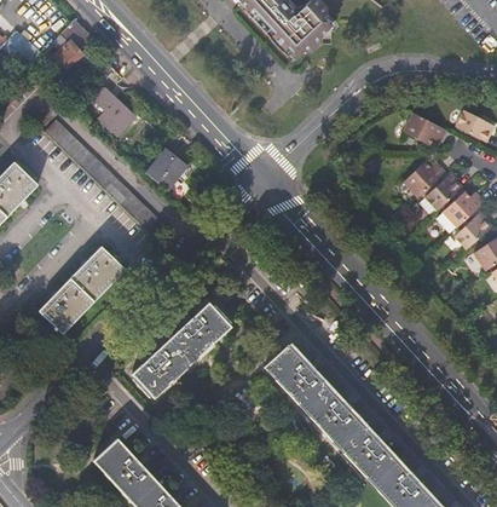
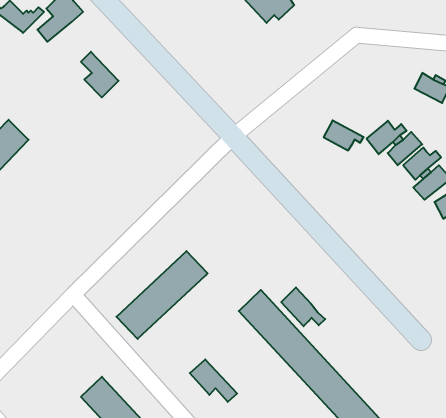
building: [405,113,449,145] -> [324,120,364,150]
building: [46,117,168,236] -> none
building: [148,151,190,191] -> none
building: [40,244,125,332] -> none
building: none -> [281,287,325,326]
building: none -> [190,359,237,402]

